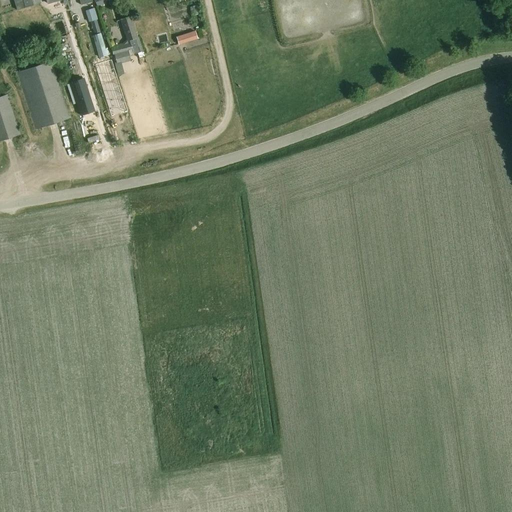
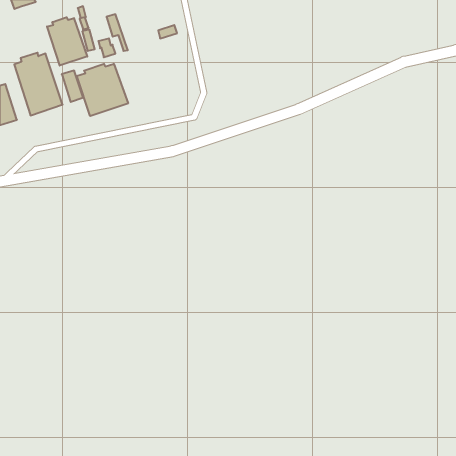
building: none -> [47,17,87,66]
building: none -> [77,64,128,116]

